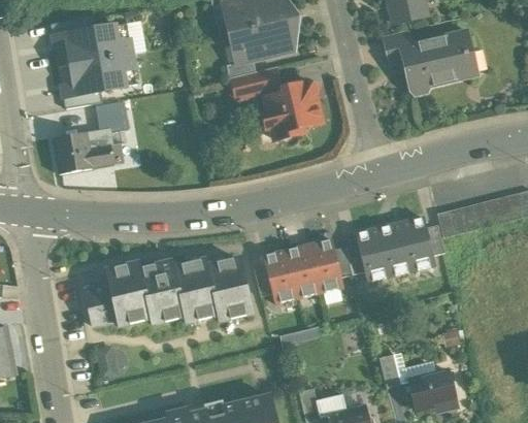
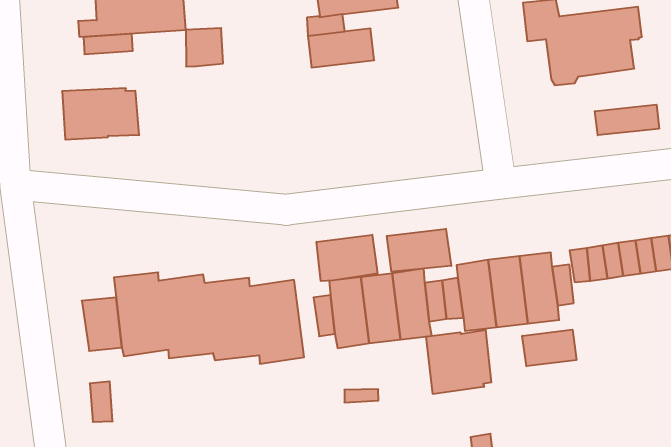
building: [263,84,322,138] -> none
building: none -> [595,105,659,135]
building: [97,101,127,132] -> [186,28,223,67]
building: none -> [387,229,451,272]
building: none -> [317,235,377,281]
building: none -> [522,330,576,366]
building: none -> [426,330,491,394]

